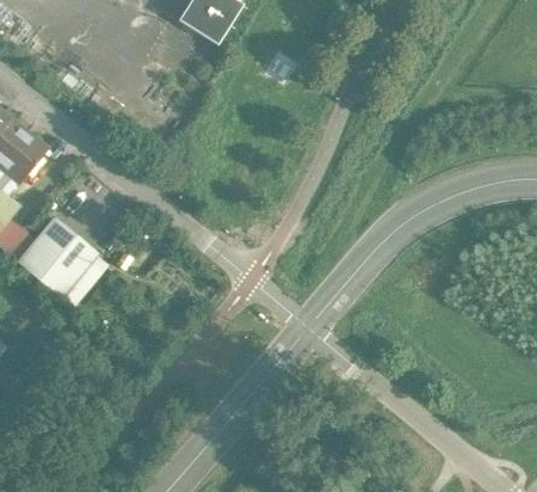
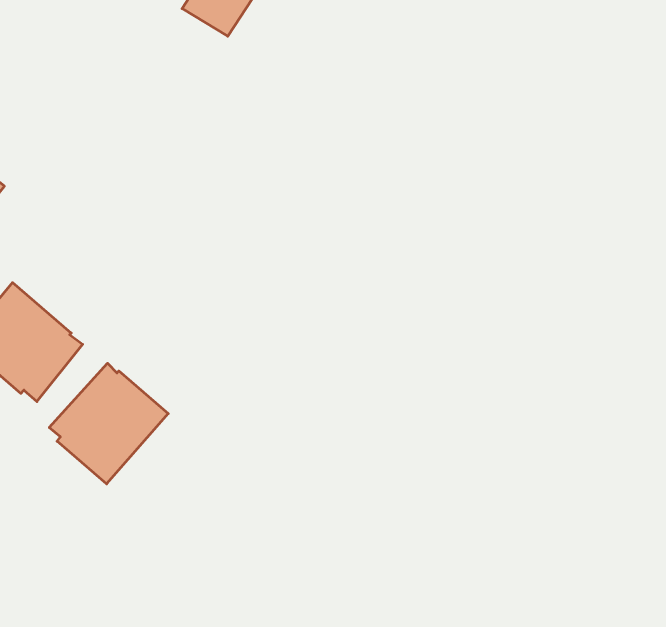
building: none -> [49,363,168,484]

